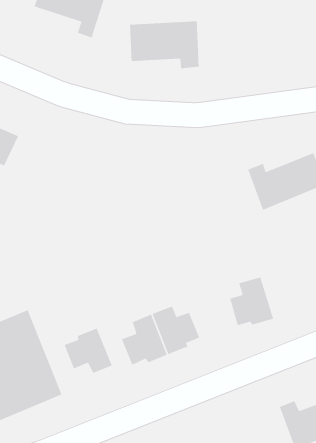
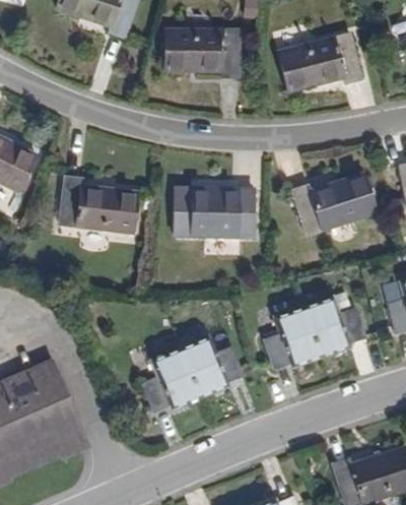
building: none -> [278,23,365,87]
building: none -> [60,176,138,233]
building: none -> [176,188,255,240]
building: none -> [309,305,361,361]
building: [63,328,113,374] -> none

